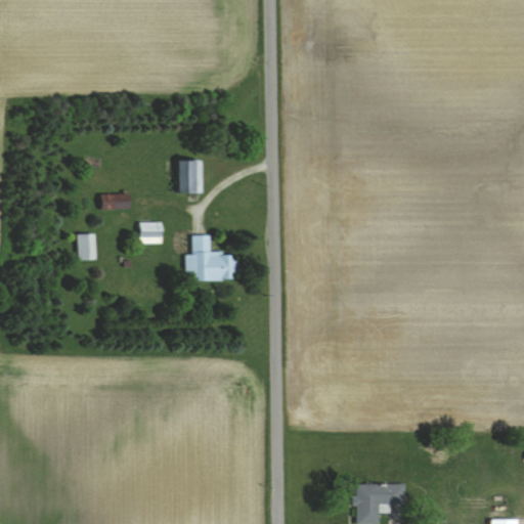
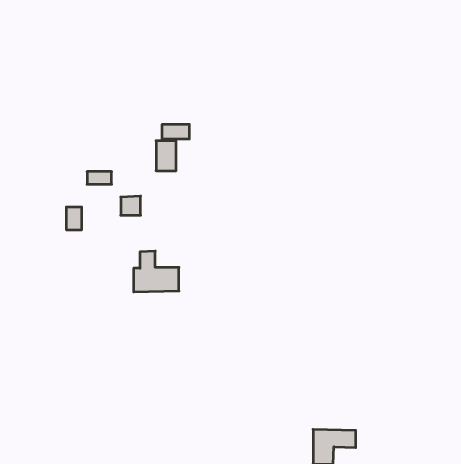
building: none -> [162,124,189,139]
building: [185,234,236,280] -> [134,251,179,292]

